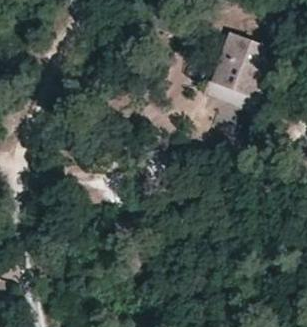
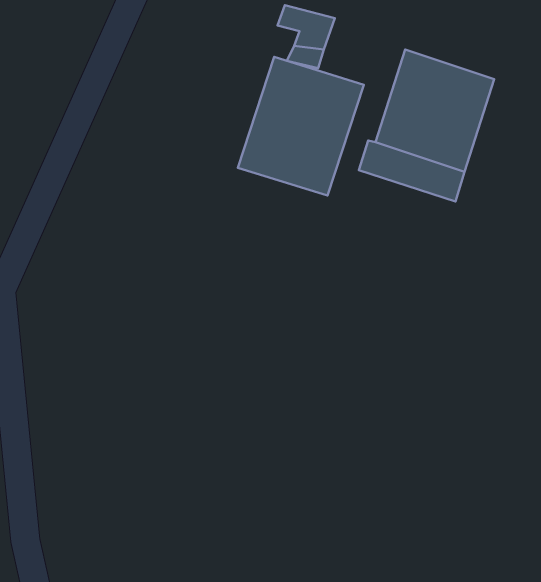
building: none -> [238,57,364,196]

